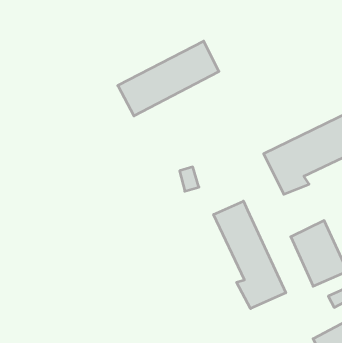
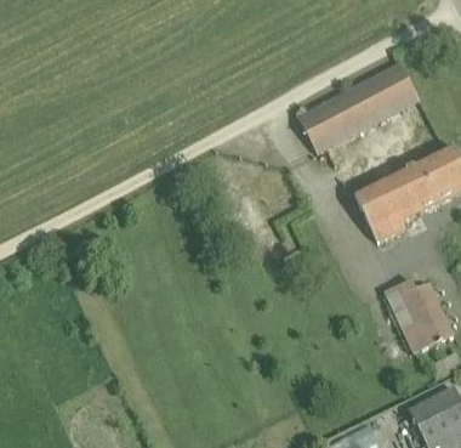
building: [118,41,219,116] -> [297,63,419,153]
building: [214,201,286,309] -> none

